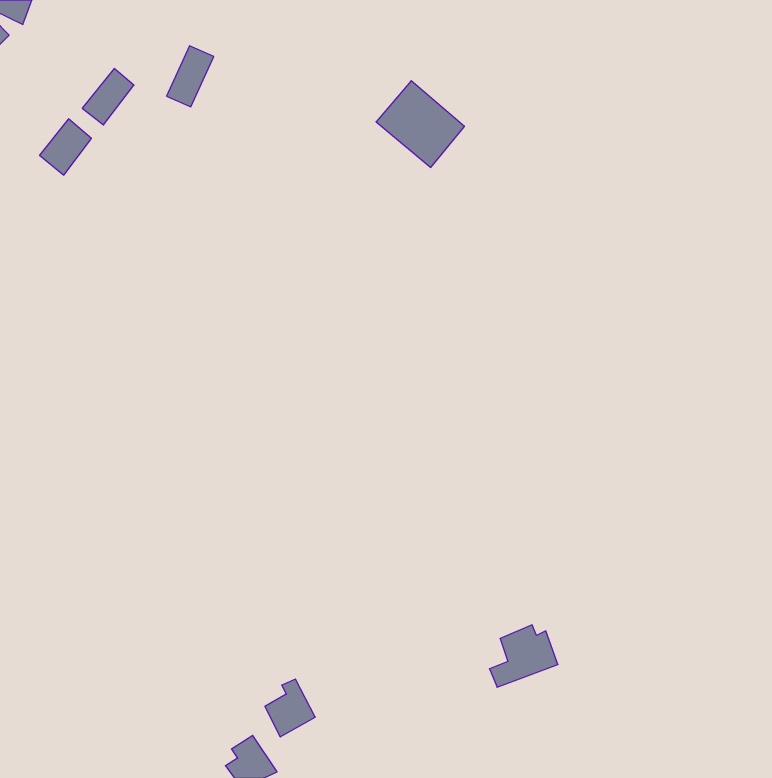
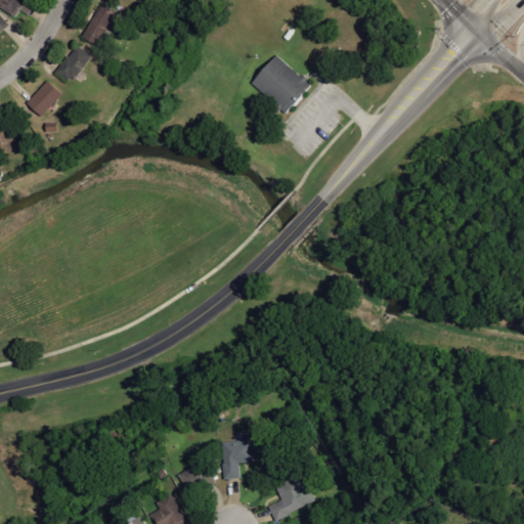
building: [167,46,214,107] -> [83,5,115,46]
building: [489,625,558,687] -> [269,477,315,519]
building: none -> [221,439,253,480]

